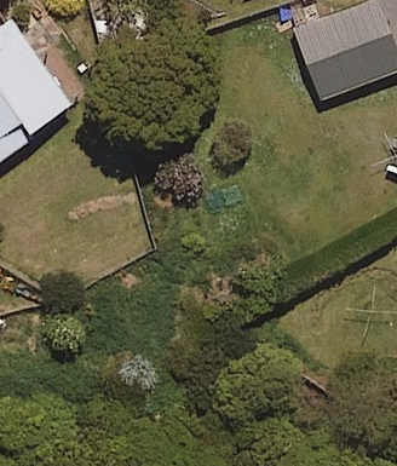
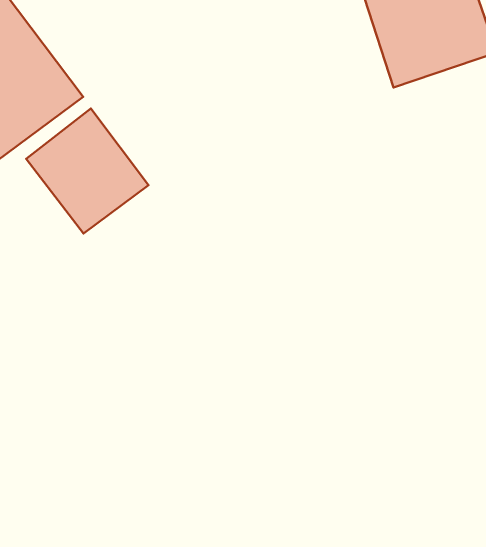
building: none -> [26,108,149,233]

